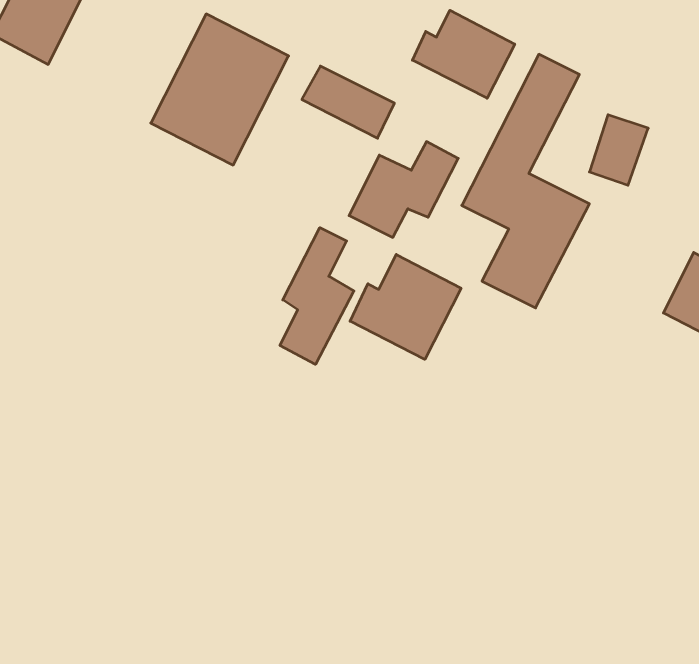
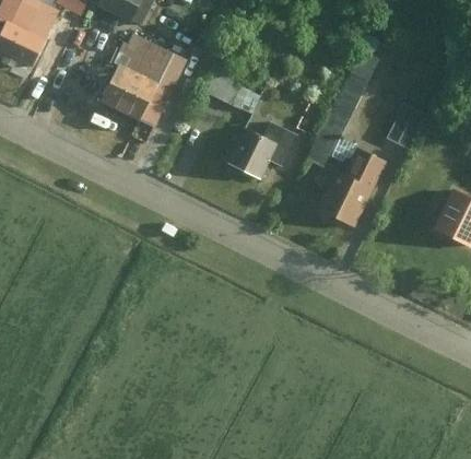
building: [412,10,515,98] -> none
building: [280,228,354,364] -> none
building: [350,254,461,359] -> none

